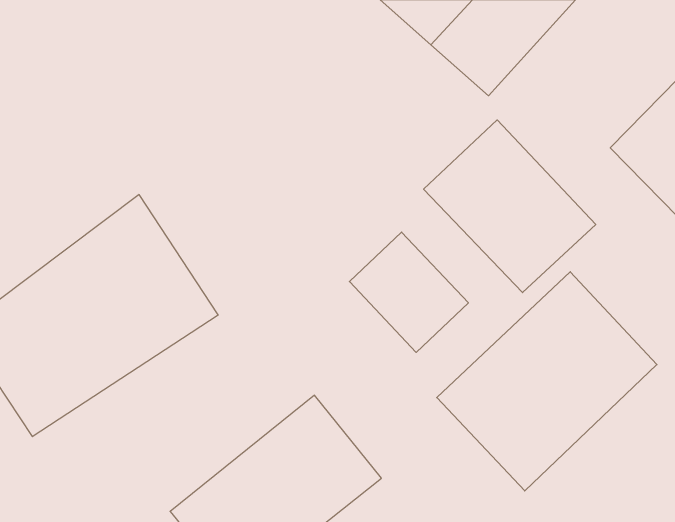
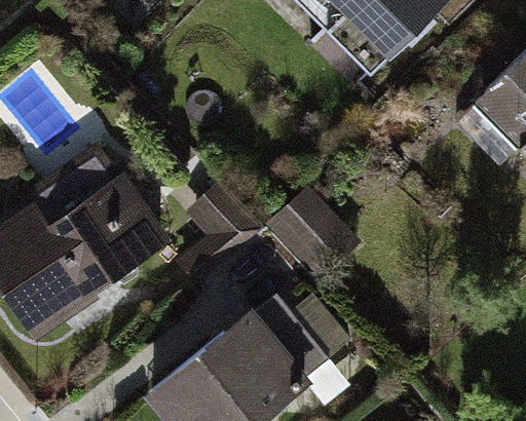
building: [424,120,596,293] -> none
building: [437,272,657,491] -> none

